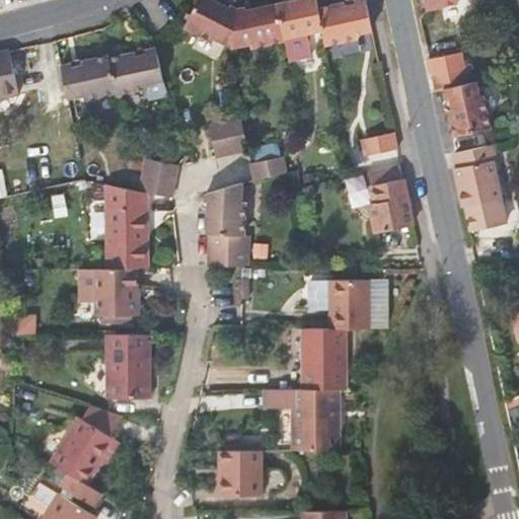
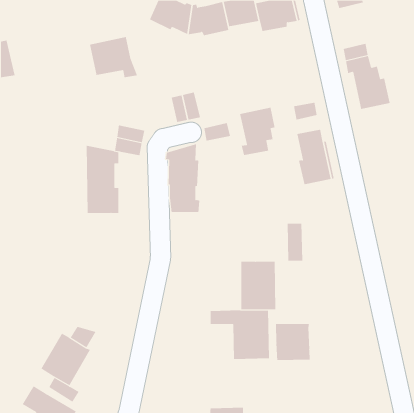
building: [63,56,120,101] -> none
building: none -> [239,107,275,156]
building: [448,146,500,230] -> none
building: [97,269,139,314] -> none
building: [319,281,360,328] -> none
building: [106,333,150,396] -> none
building: none -> [276,323,310,361]
building: [218,451,262,496] -> none

